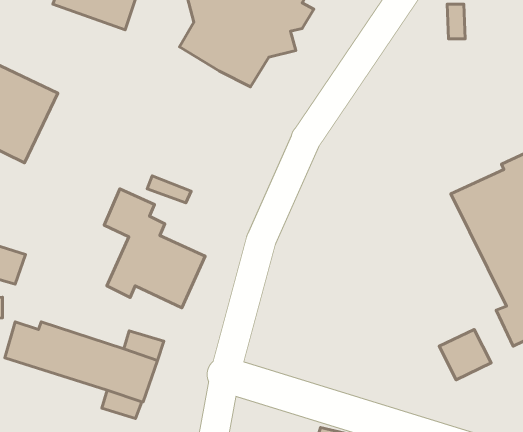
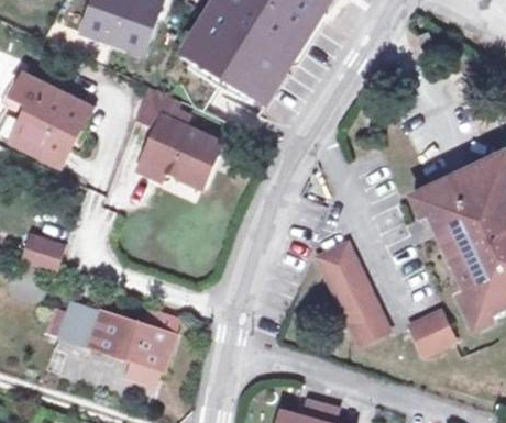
building: [104,189,205,308] -> [132,84,218,185]
building: none -> [317,242,388,343]

